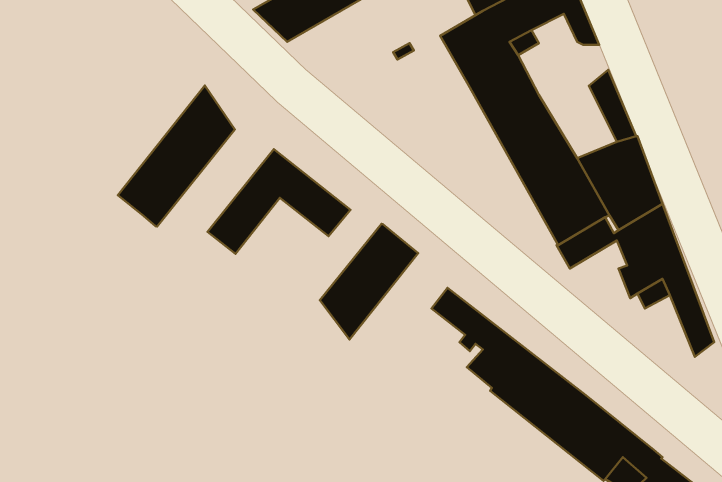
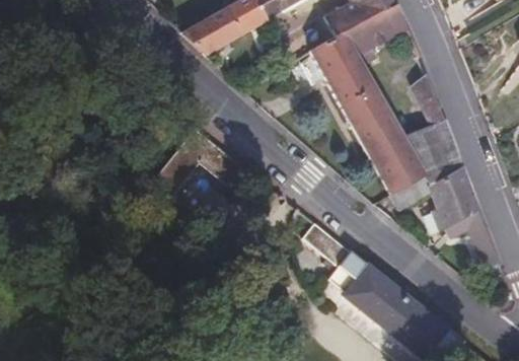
building: [118,86,235,226] -> none
building: [320,224,418,340] -> none

